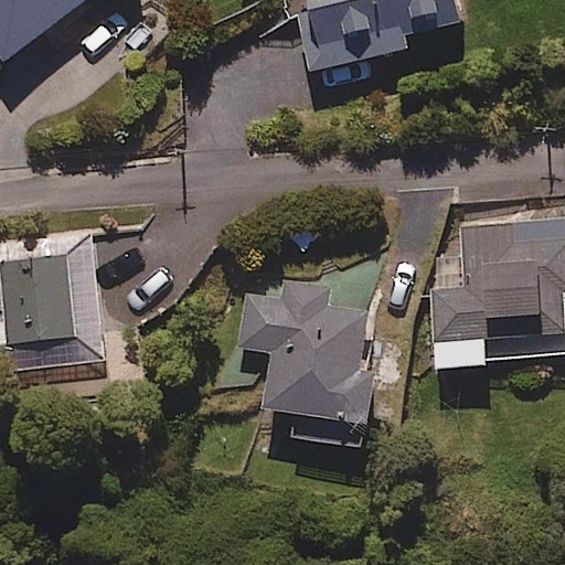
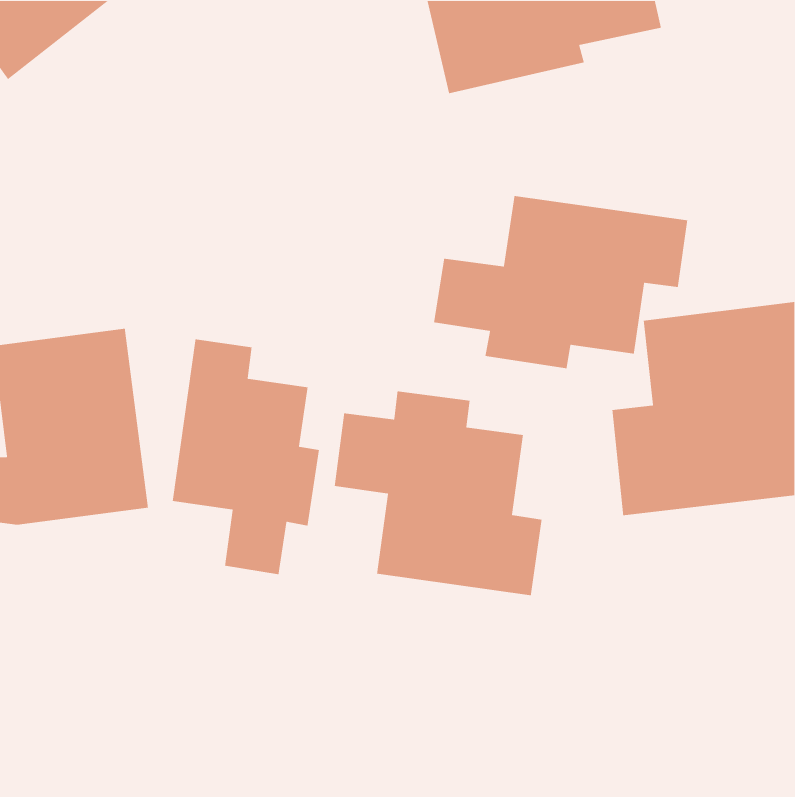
building: none -> [433,195,688,369]
building: none -> [172,339,320,575]

